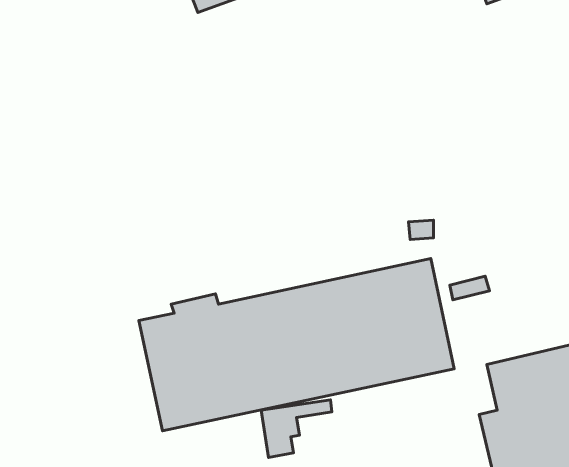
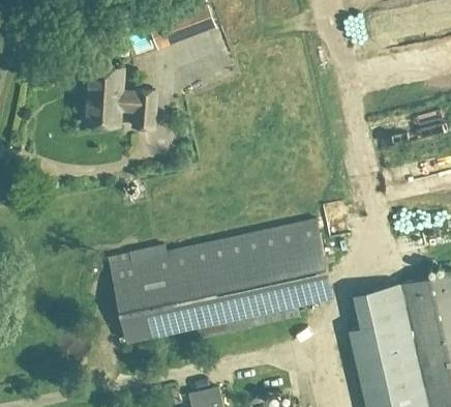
building: none -> [83,67,154,130]

